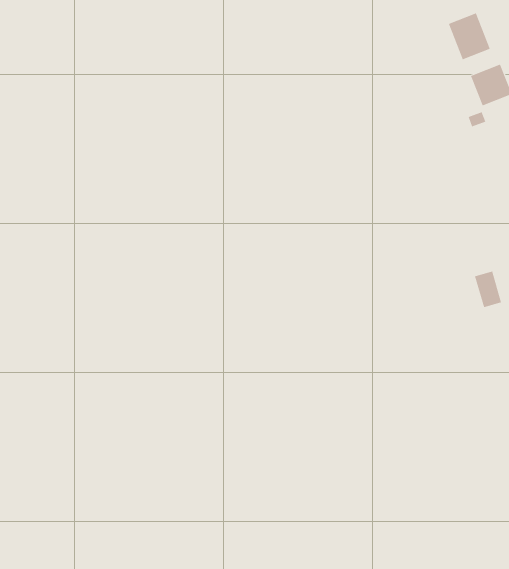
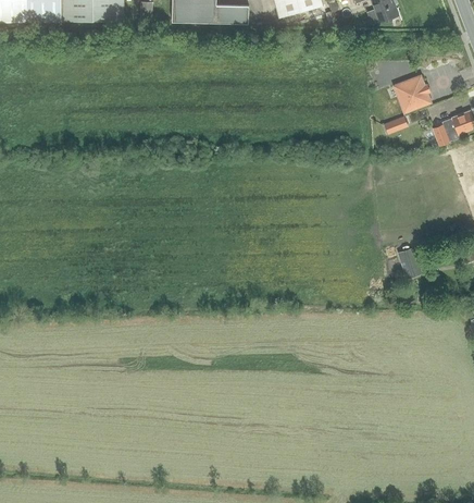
building: [448,13,491,60] -> none

